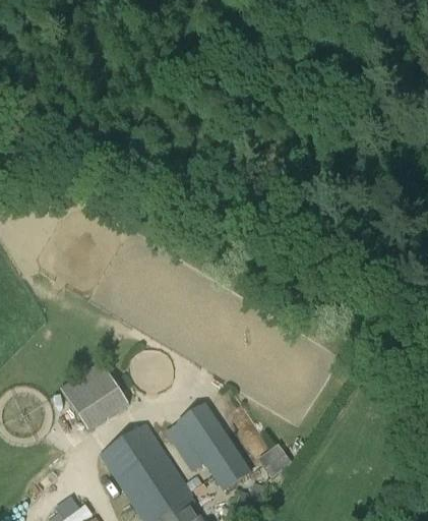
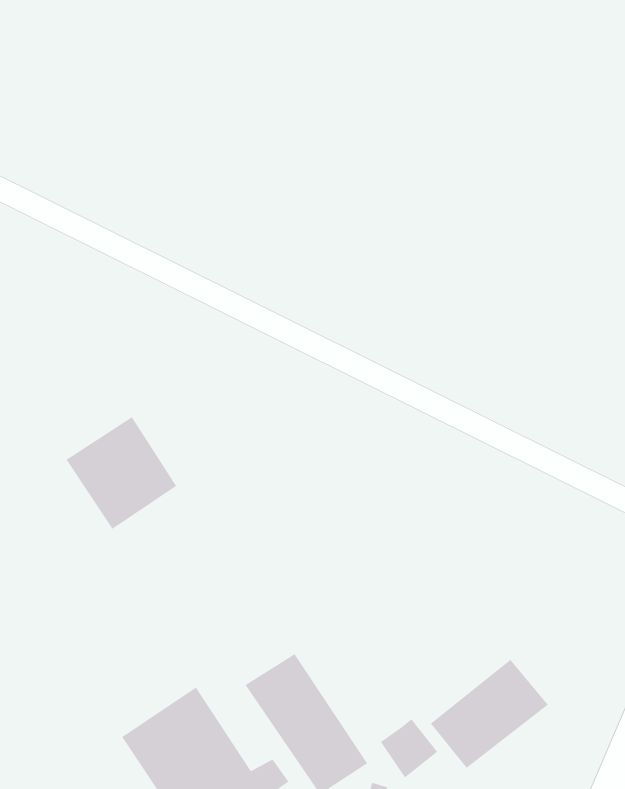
building: [59,361,127,430] -> [65,416,177,530]
building: none -> [430,659,549,769]

